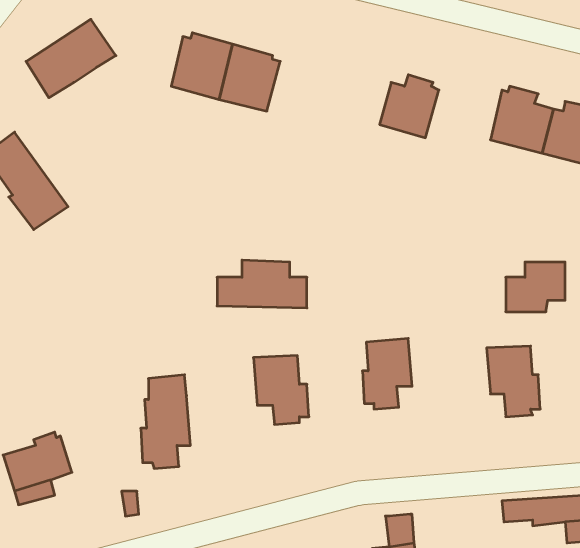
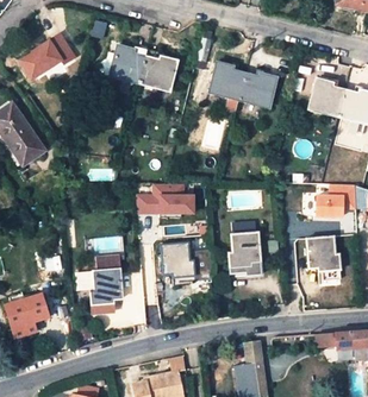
building: none -> [210,58,247,99]

